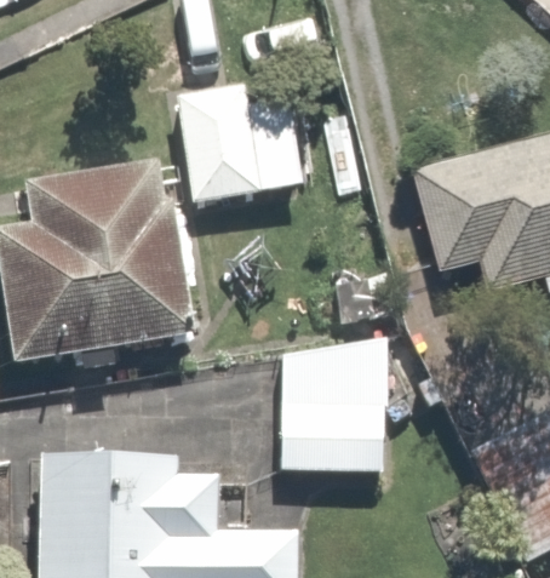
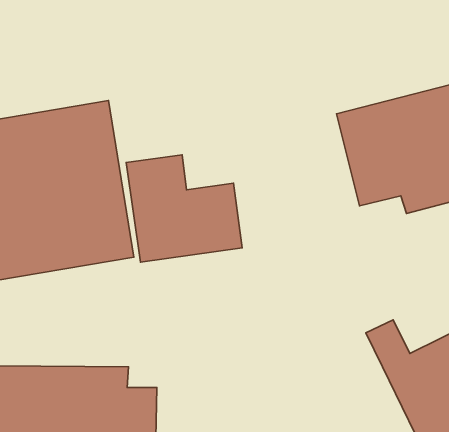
building: [178,80,306,199] -> [126,155,242,262]
building: [276,339,390,477] -> none

